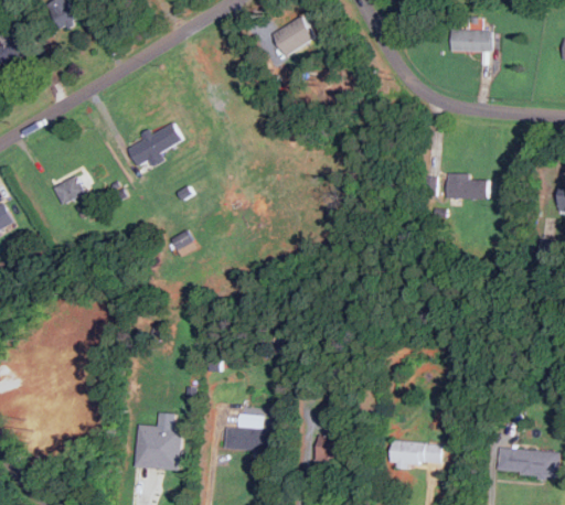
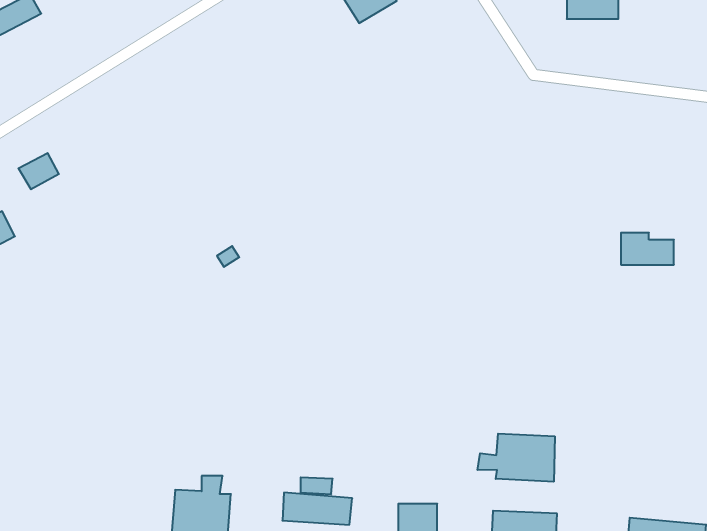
building: [129,122,183,166] -> none
building: [446,173,488,198] -> [621,233,674,265]
building: [52,175,84,204] -> [18,153,59,189]
building: none -> [478,434,555,482]

